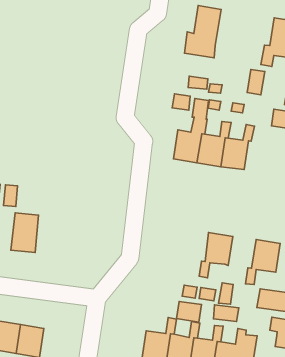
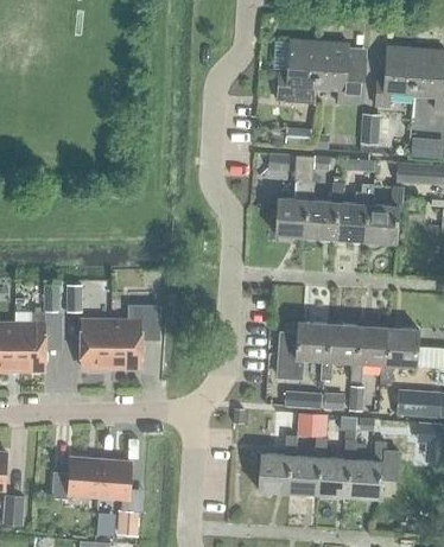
building: none -> [316,42,367,104]
building: none -> [366,186,404,243]
building: none -> [112,306,159,368]
building: none -> [278,323,328,379]
building: none -> [350,326,388,383]

